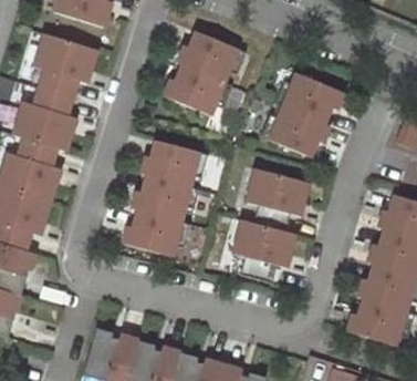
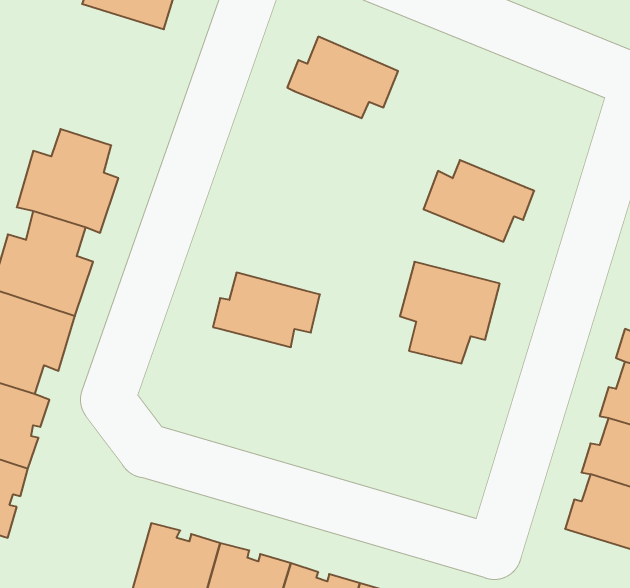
building: [34,33,96,97] -> none
building: [164,64,232,114] -> none
building: [274,73,342,123] -> none
building: [142,140,208,186] -> none
building: [123,209,189,256] -> none
building: [233,219,294,282] -> none

